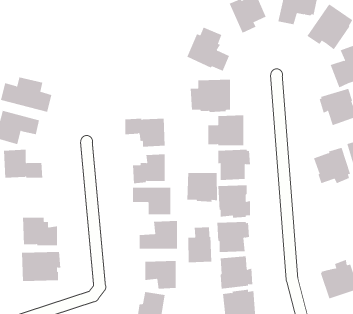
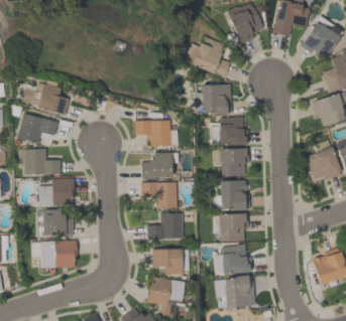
building: [187,172,217,202] -> none
building: none -> [38,178,74,205]
building: [188,227,212,263] -> none

